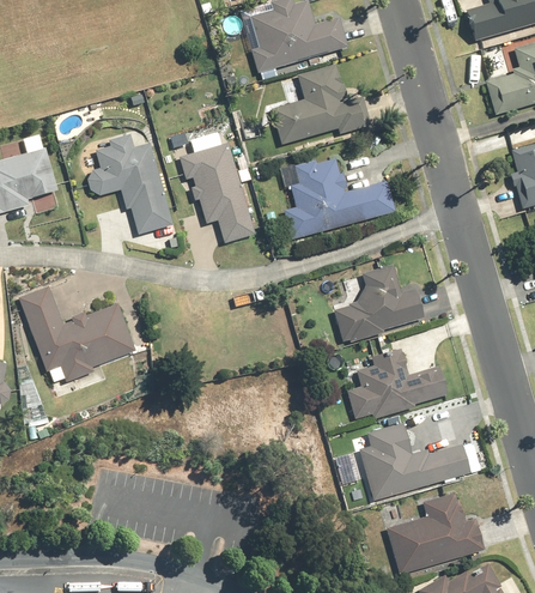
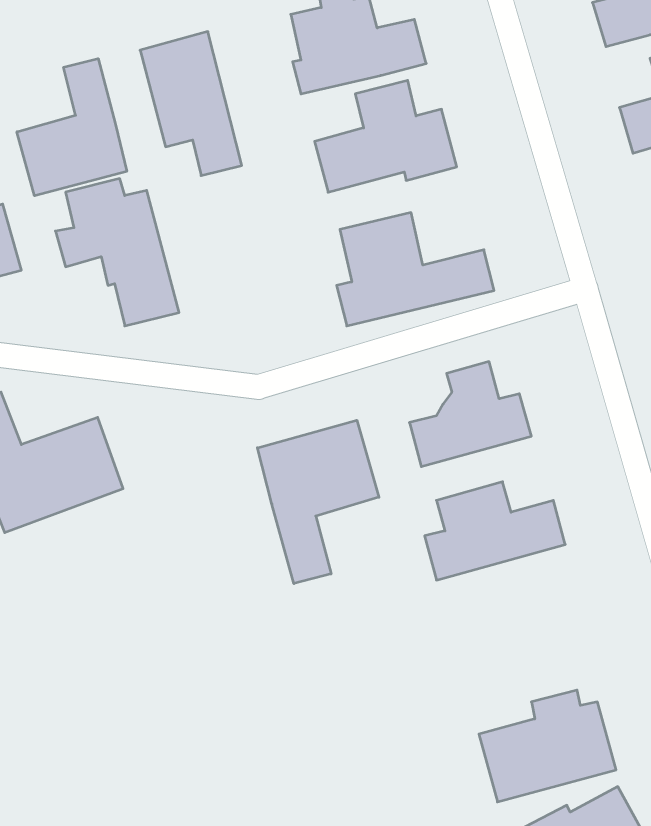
building: none -> [17,59,127,196]
building: [181,141,253,243] -> [140,32,242,176]
building: none -> [257,420,379,584]
building: [357,420,470,497] -> none

